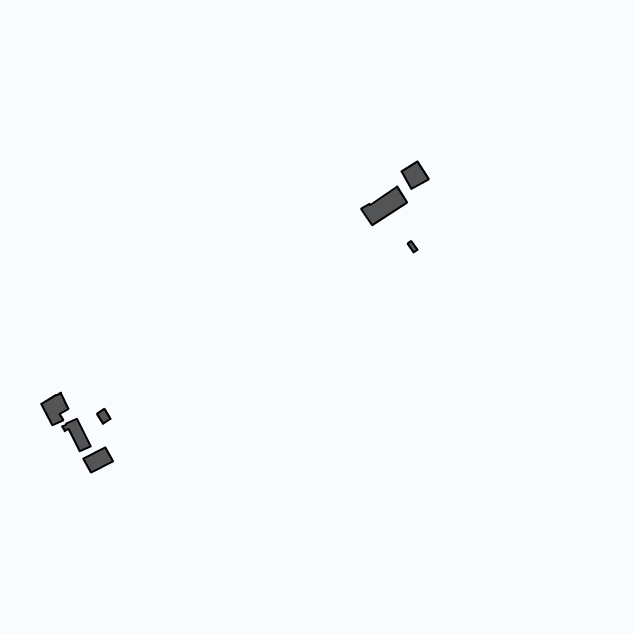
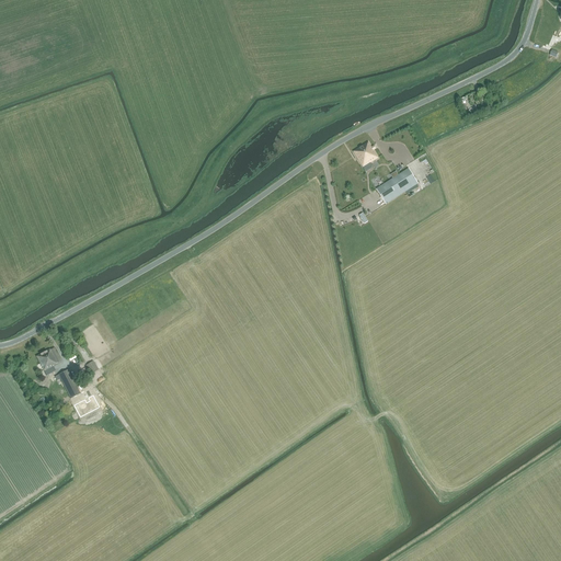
building: [361,186,407,225] -> [377,169,417,203]

